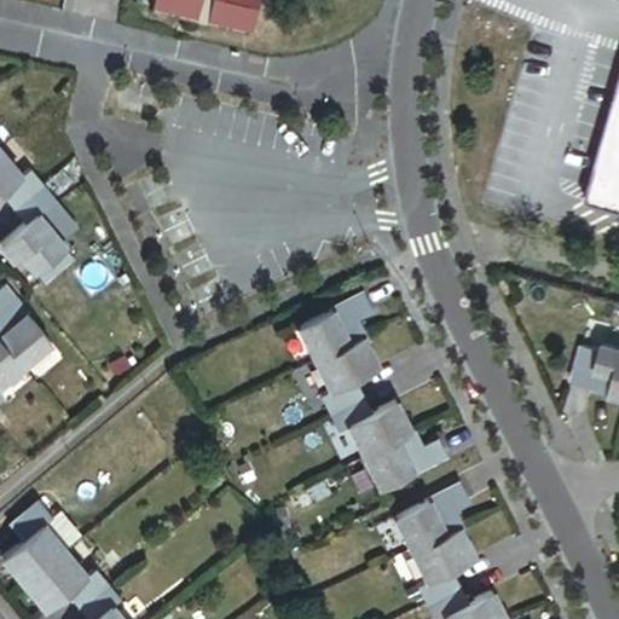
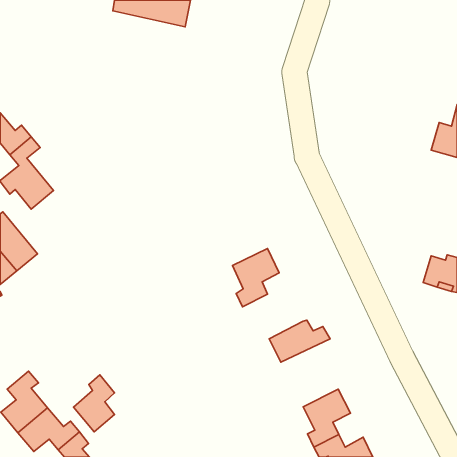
building: [300,295,374,359] -> none
building: [328,398,410,458] -> none
building: [394,484,468,550] -> none
building: none -> [74,375,115,432]

